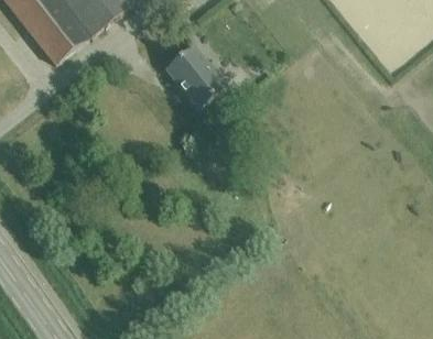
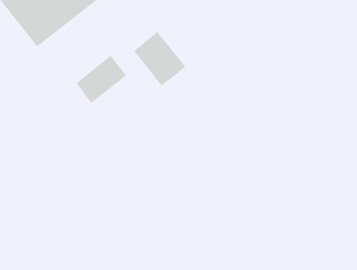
building: none -> [76,55,127,104]

